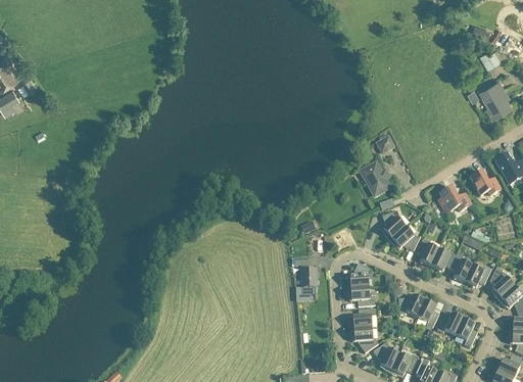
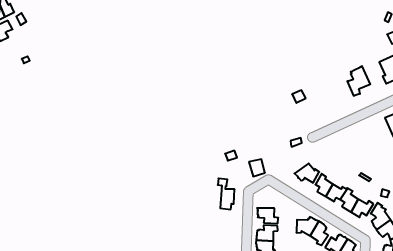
building: none -> [347,66,370,96]
building: [360,162,391,196] -> none
building: [470,171,503,195] -> none
building: [439,187,471,211] -> none
building: [382,210,406,241] -> none
building: [347,262,371,289] -> none

